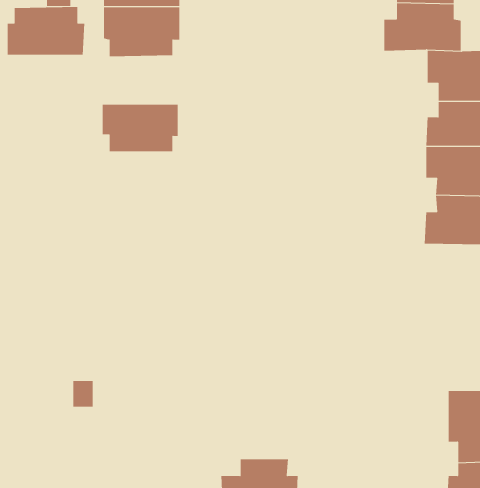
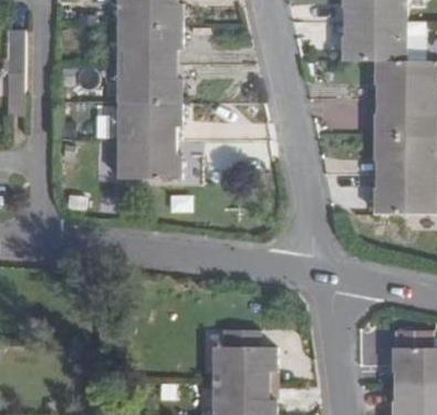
building: [7,6,85,55] -> [118,64,180,103]
building: none -> [118,141,179,180]
building: none -> [214,345,273,384]

